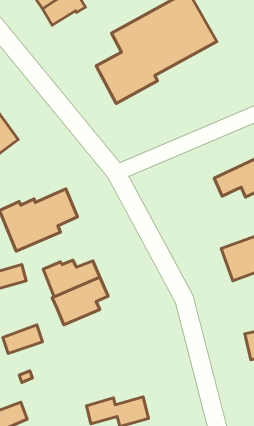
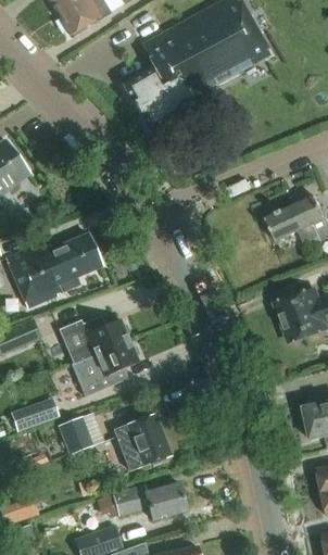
building: none -> [113,413,169,469]
building: none -> [56,415,92,453]

